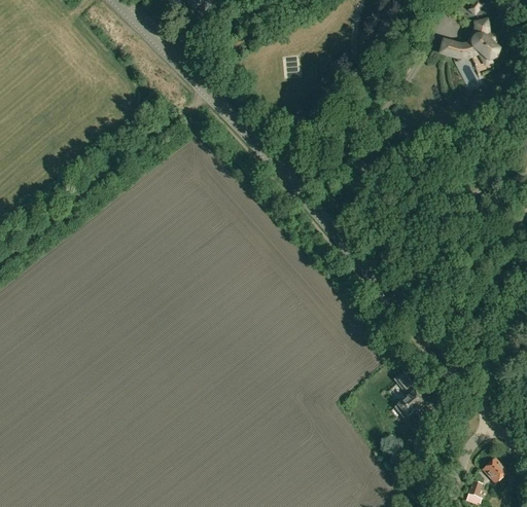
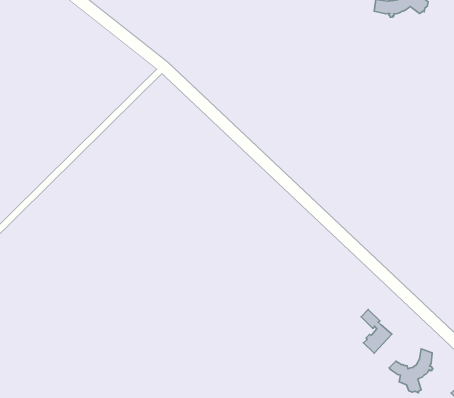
building: none -> [389,349,433,393]

